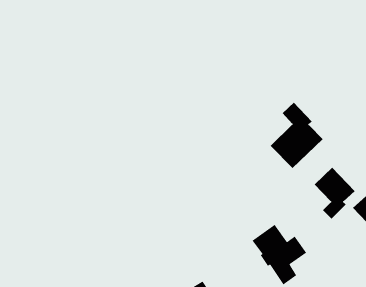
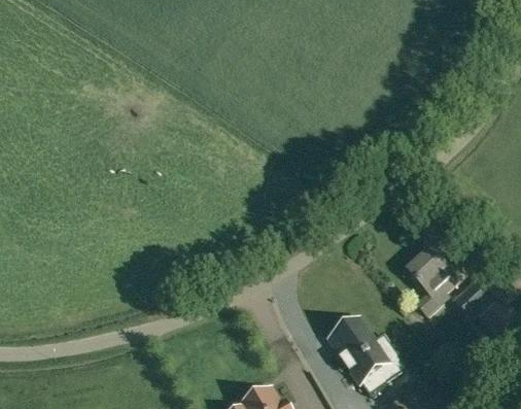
building: [270,102,323,169] -> none

